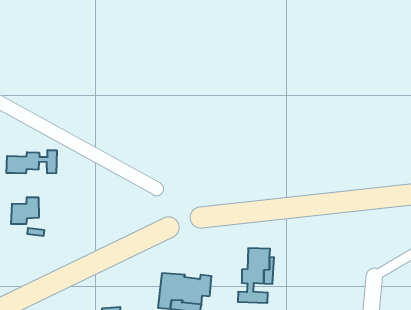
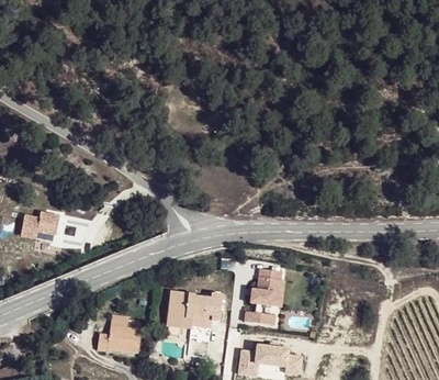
building: [7,150,57,173] -> none

